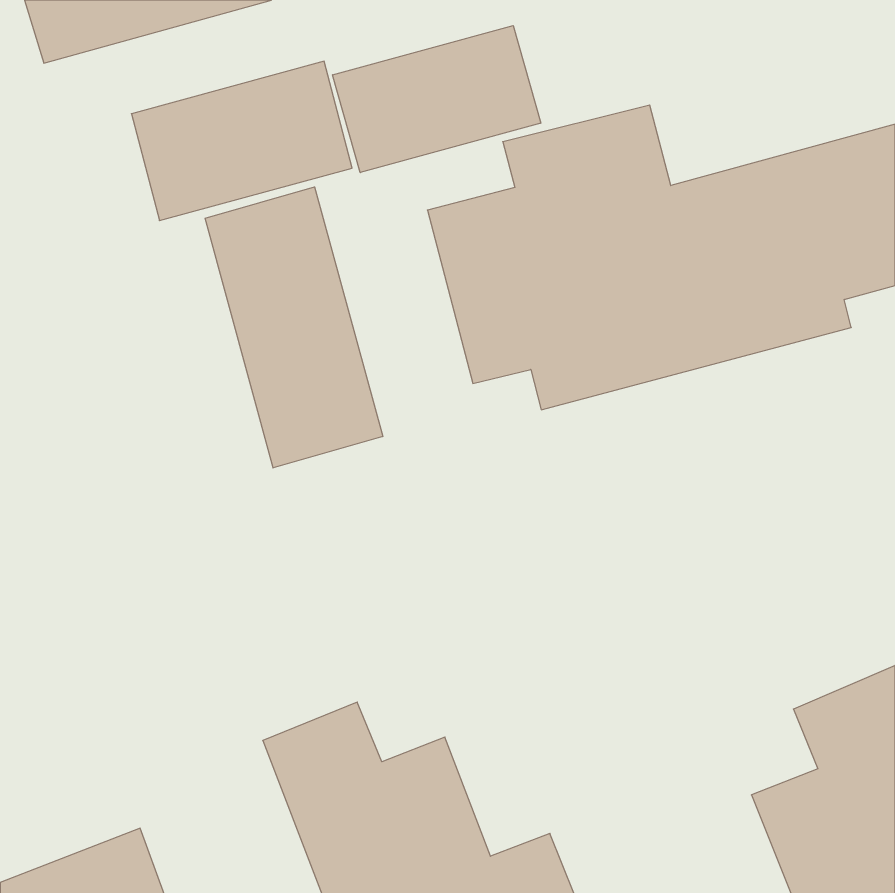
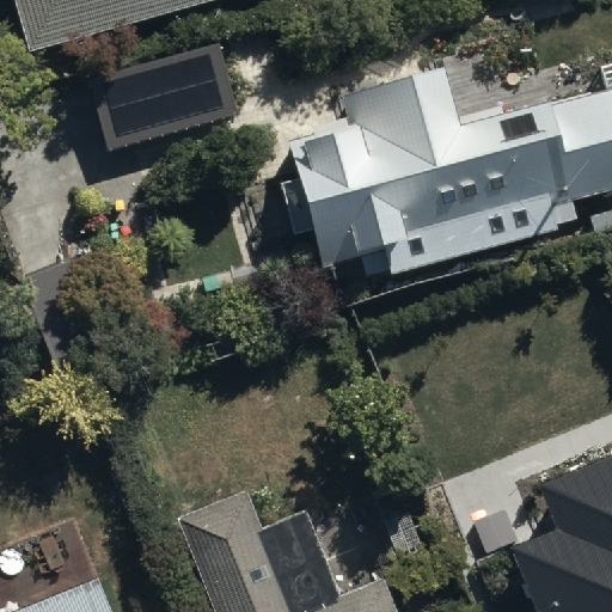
building: [333,26,541,173] -> none
building: [205,187,383,468] -> none

